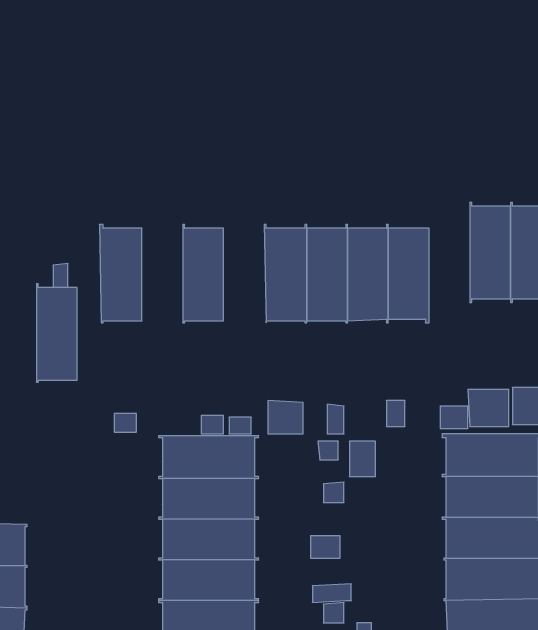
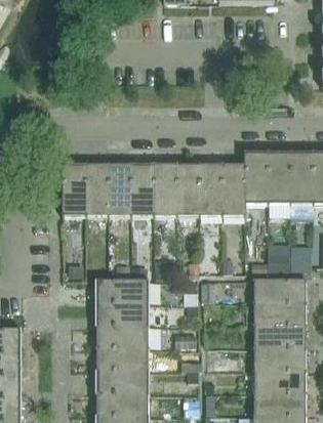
building: none -> [244,151,267,204]
building: none -> [130,163,154,217]
building: [36,284,77,382] -> [85,163,108,217]

